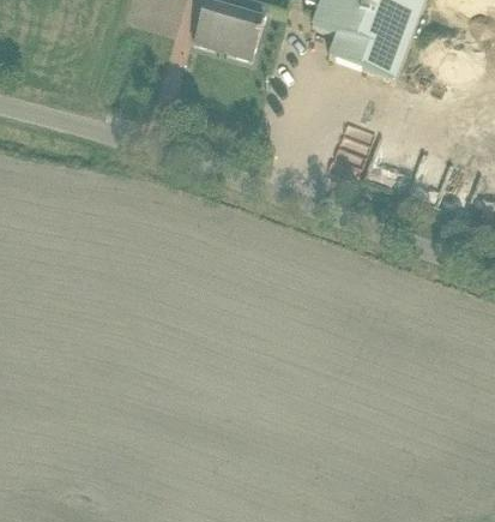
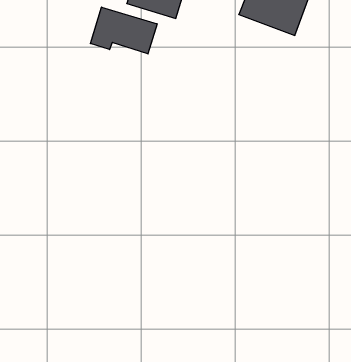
building: none -> [90,7,157,54]

